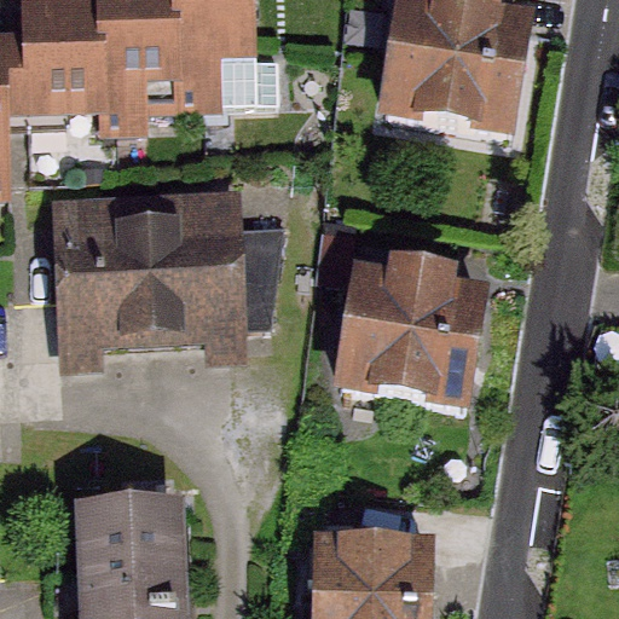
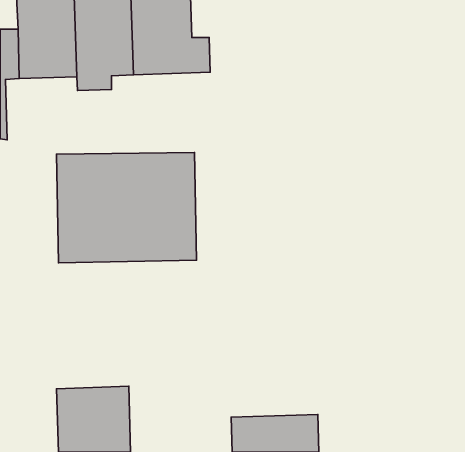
building: [372,5,530,138] -> none
building: [319,270,482,409] -> none

